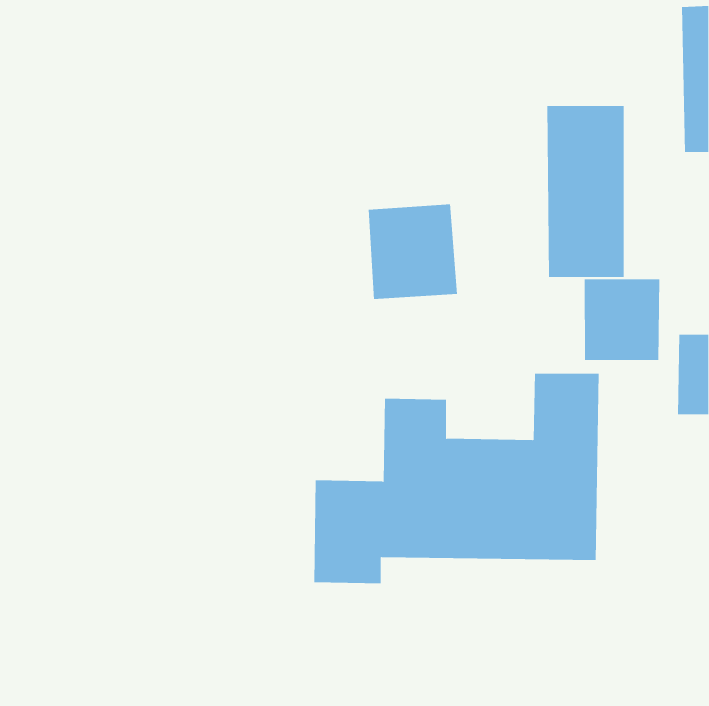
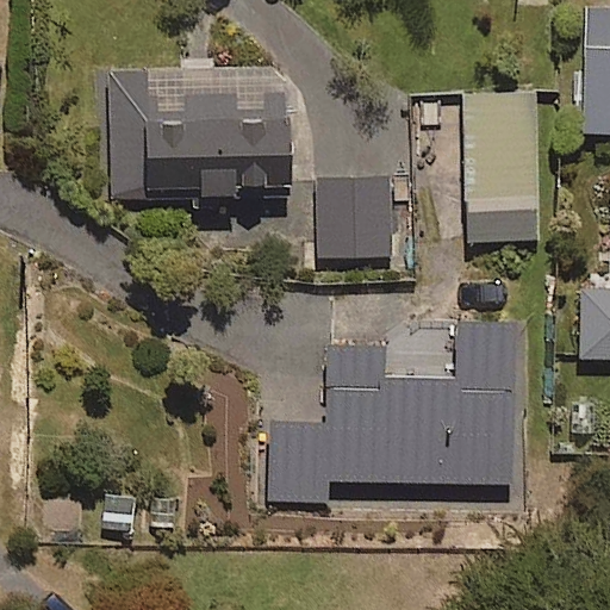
building: none -> [106,68,293,198]
building: [584,278,660,361] -> none

